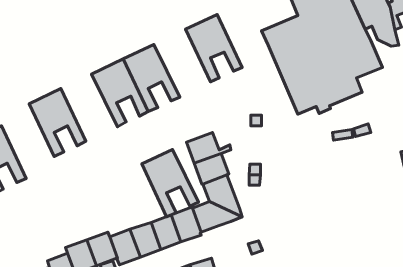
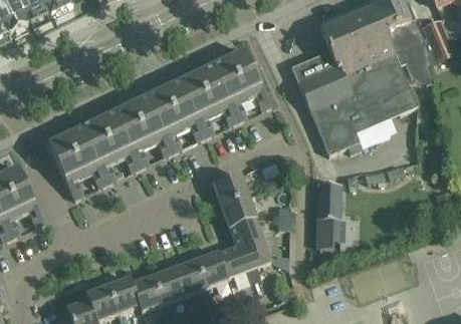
building: none -> [179,64,238,135]
building: none -> [318,182,345,248]
building: [142,150,198,217] -> [81,111,141,182]

